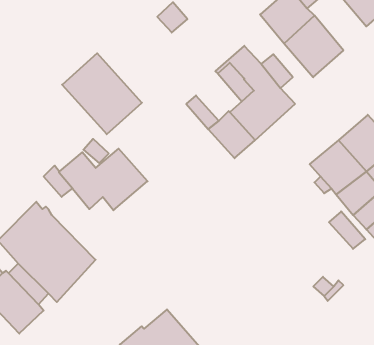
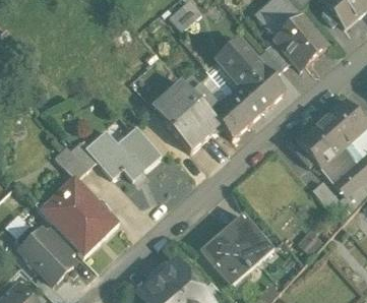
building: [62,53,142,134] -> [152,82,220,150]
building: none -> [55,146,88,179]
building: none -> [200,214,273,287]

